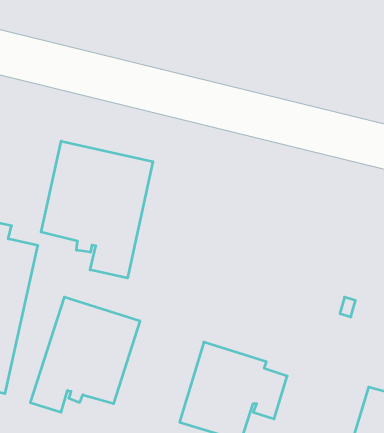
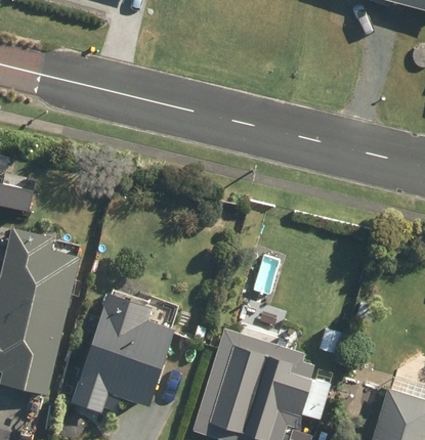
building: [41,141,153,278] -> none

